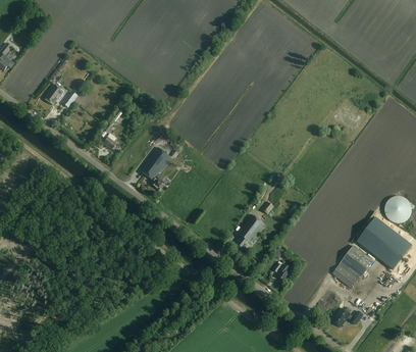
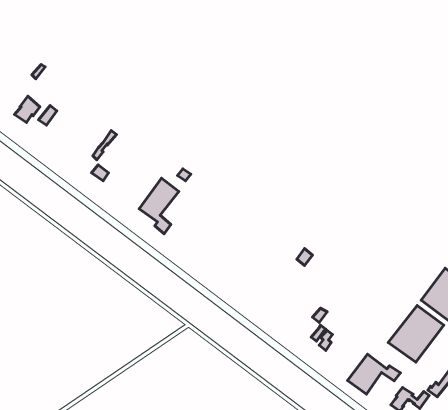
building: [235,214,264,250] -> none
building: none -> [348,354,400,394]

